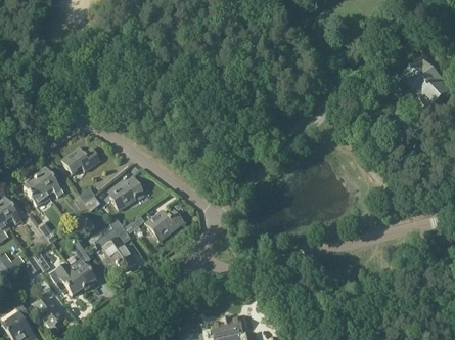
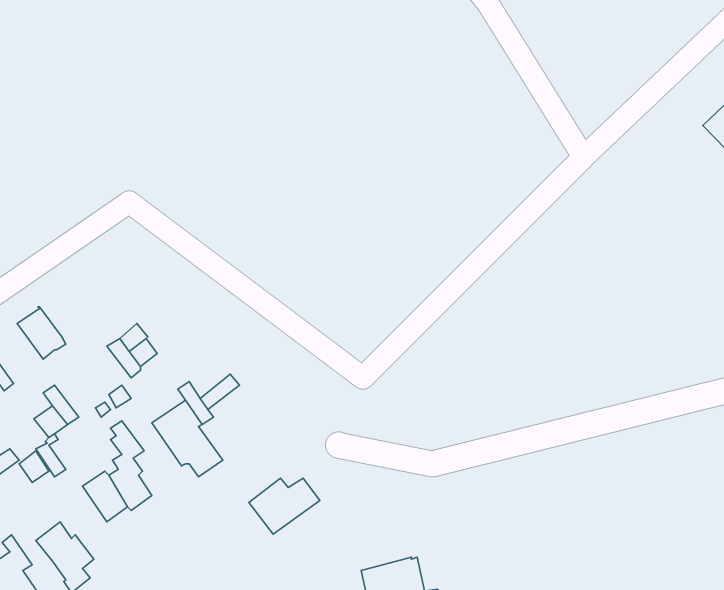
building: [61,147,100,175] -> none
building: [35,168,64,197] -> none
building: [109,177,143,210] -> none
building: [145,210,184,241] -> [249,478,320,534]

